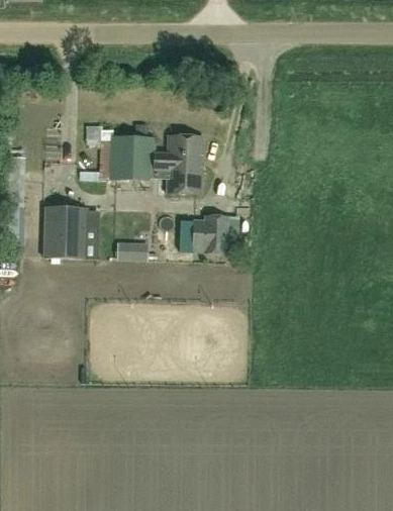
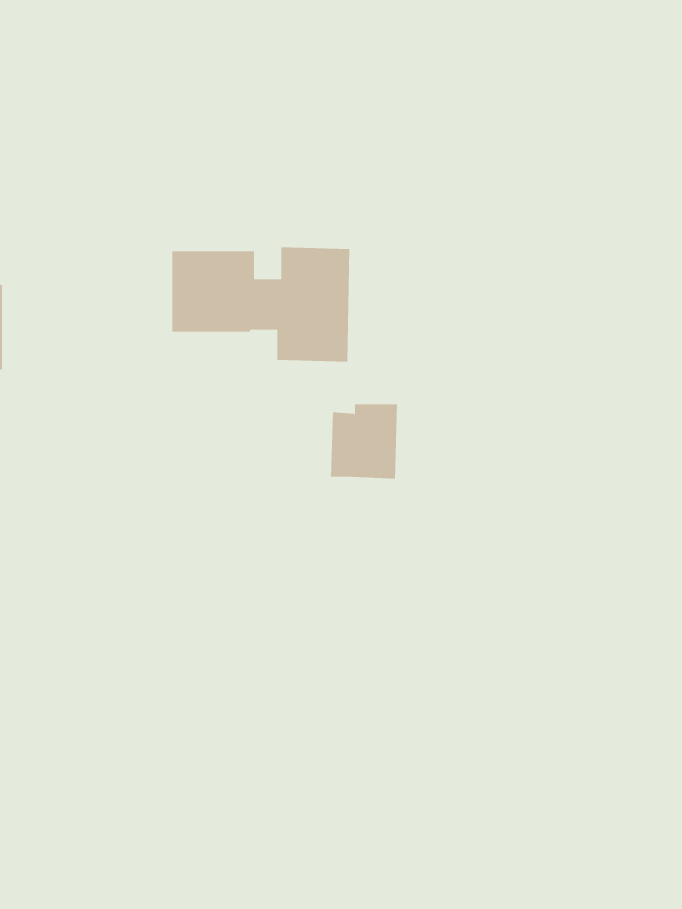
building: [42,204,86,257] -> none
building: [117,239,149,260] -> none

